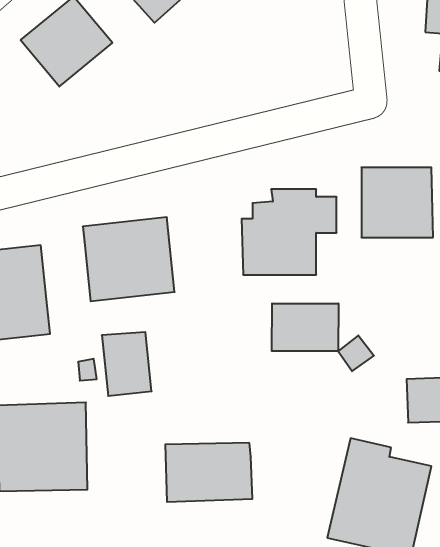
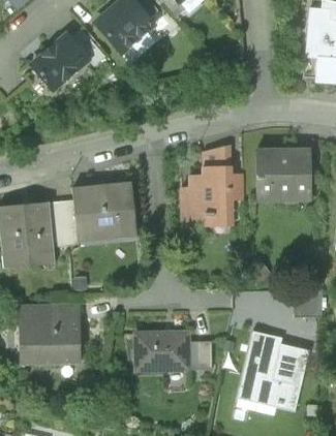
building: [272,303,338,351] -> none
building: [102,332,152,396] -> [48,200,81,243]
building: none -> [187,342,212,371]

